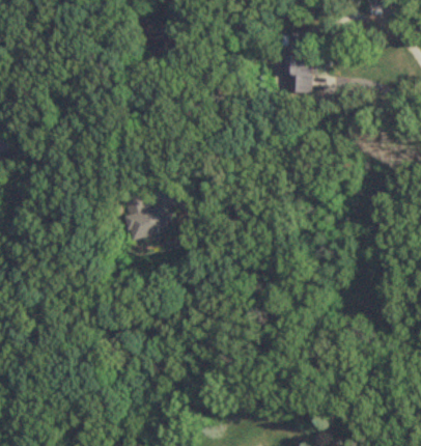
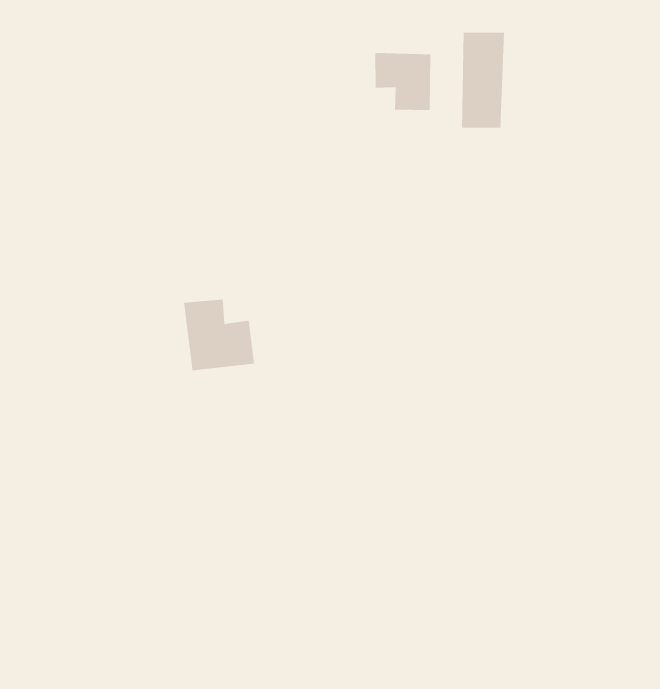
building: none -> [375,52,431,111]

